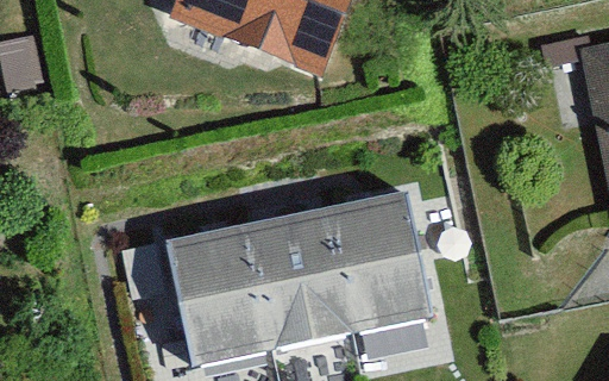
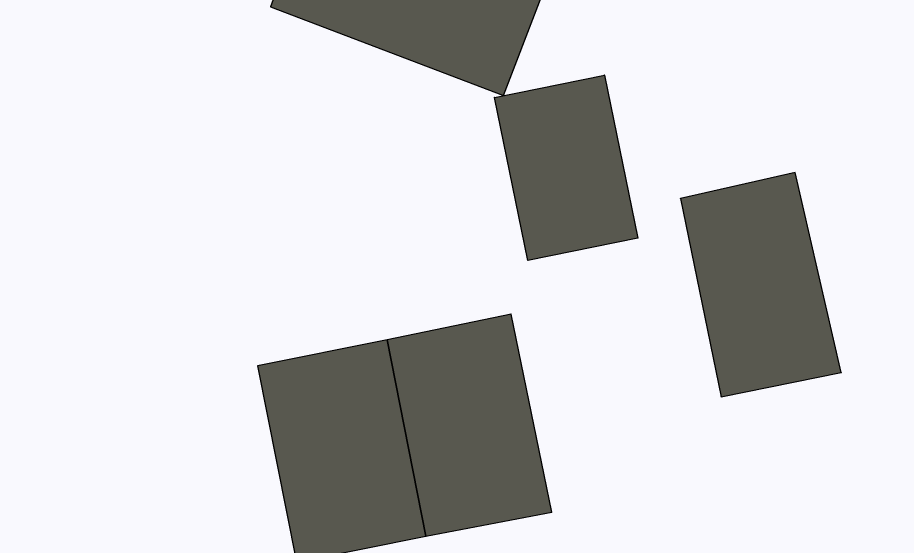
building: none -> [494,75,638,260]
building: [329,193,433,337] -> [680,173,841,397]

